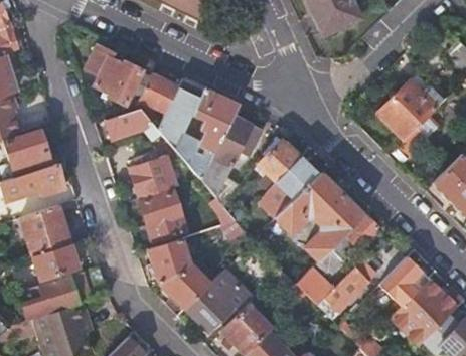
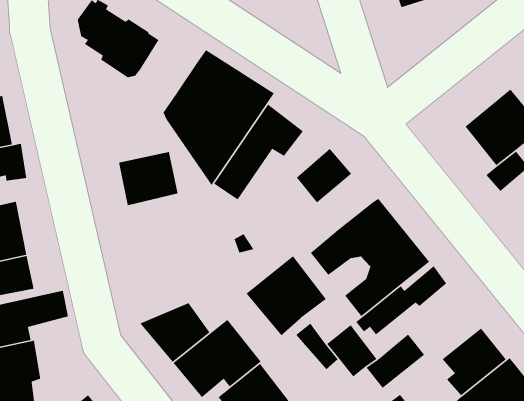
building: [140,74,180,114] -> none
building: [108,109,162,141] -> none
building: [278,158,318,199] -> none
building: [142,192,187,240] -> none
building: none -> [246,255,327,336]
building: [150,237,194,283] -> none

